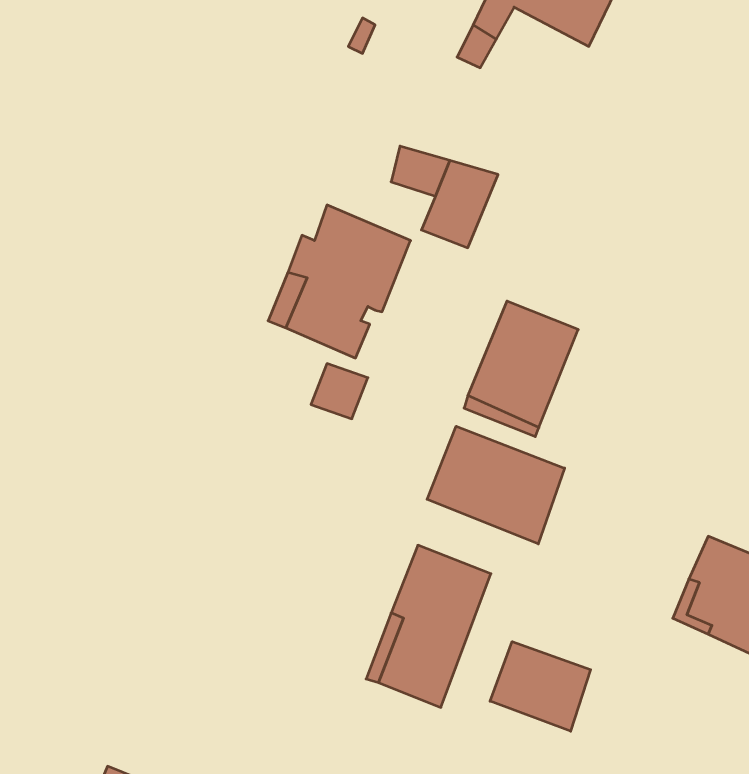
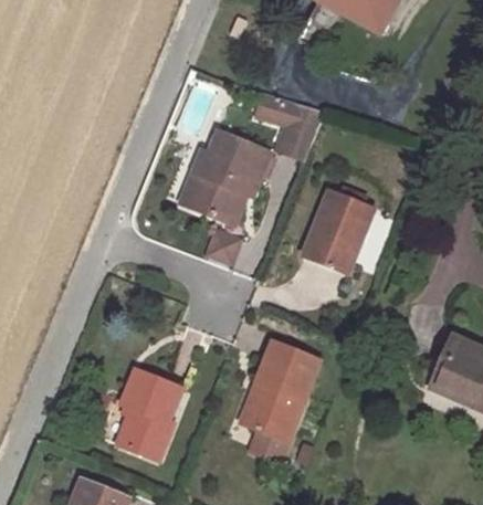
building: [427,426,565,544] -> none
building: none -> [117,370,179,459]
building: [490,642,591,731] -> none

